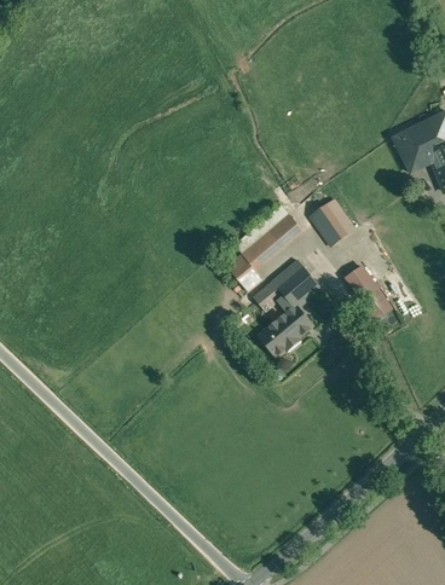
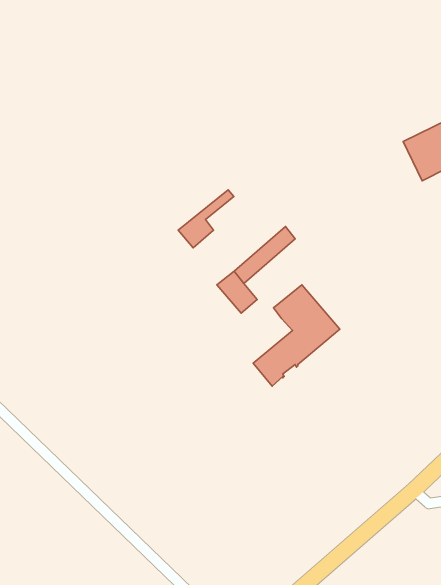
building: [308,198,353,244] -> none
building: [252,259,301,311] -> [178,190,234,248]
building: [345,266,389,318] -> none

